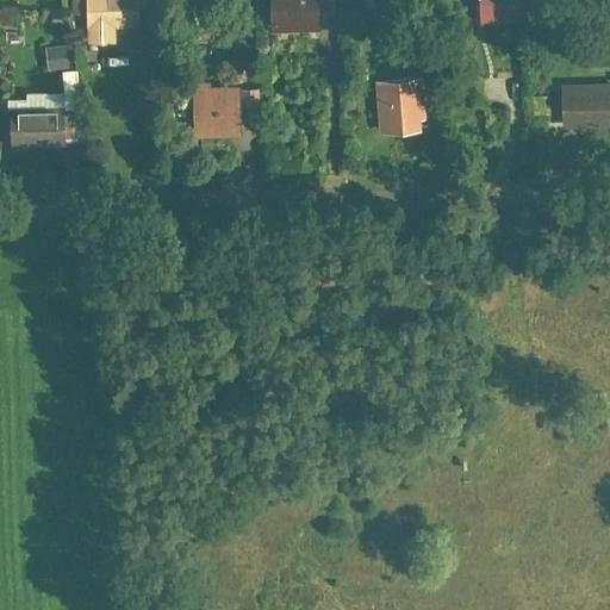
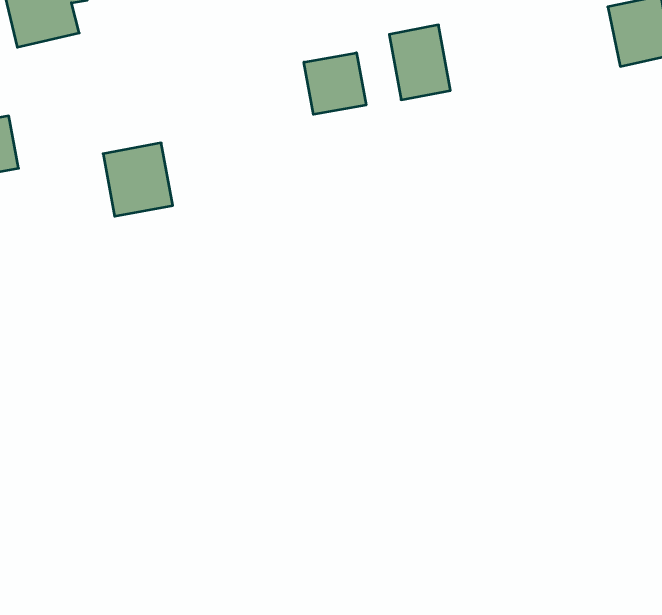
building: [192,80,241,132] -> [103,143,173,216]
building: none -> [304,53,366,114]

